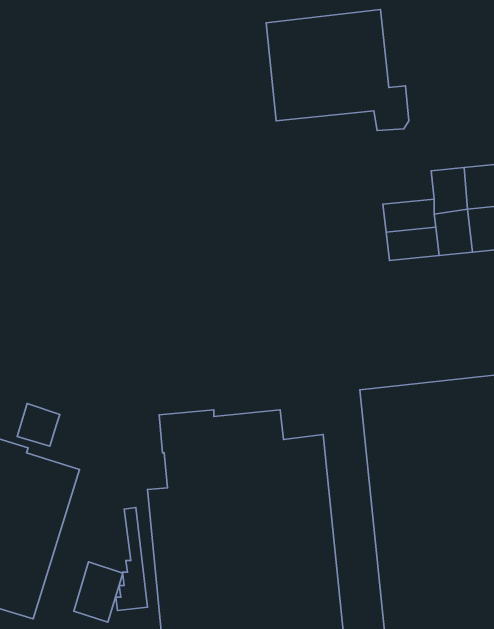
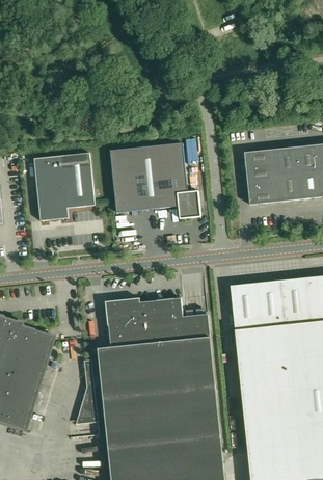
building: [266,10,409,131] -> [110,142,199,218]
building: none -> [243,149,277,169]
building: none -> [33,153,95,221]
building: [17,404,60,446] -> none
building: [74,562,123,622] -> none

